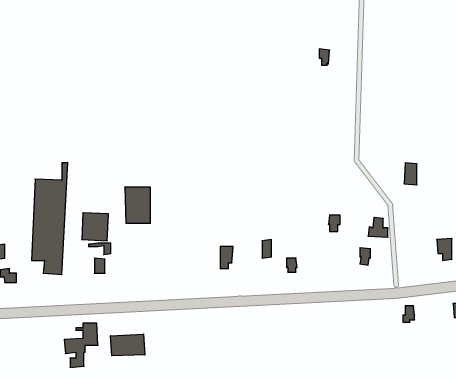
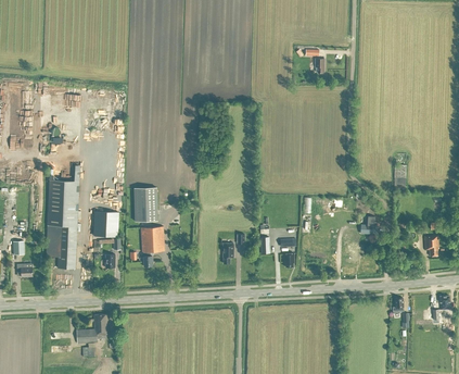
building: none -> [140,226,163,266]
building: [111,334,145,356] -> none

